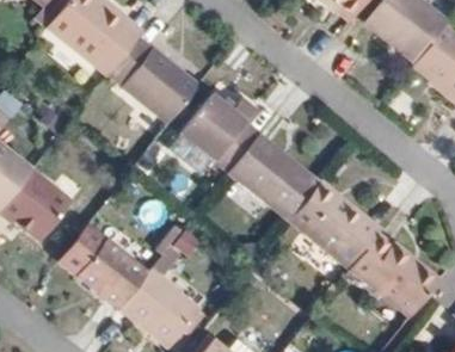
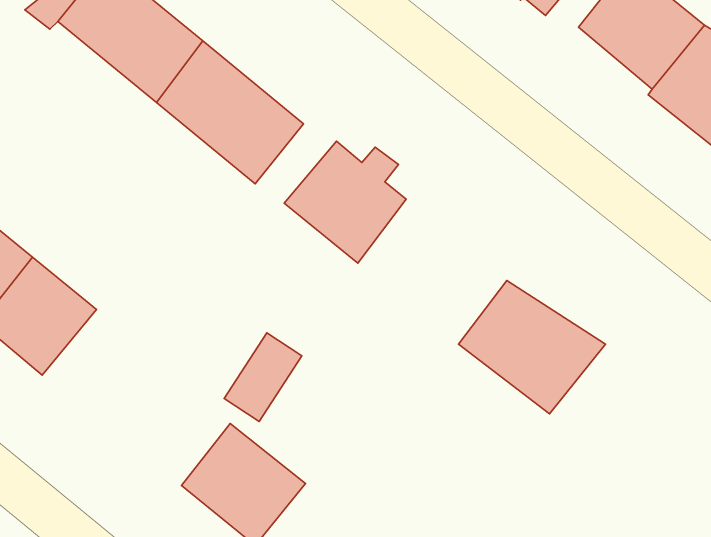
building: [226,129,318,218] -> none
building: [344,218,438,309] -> none
building: [55,222,143,305] -> none

